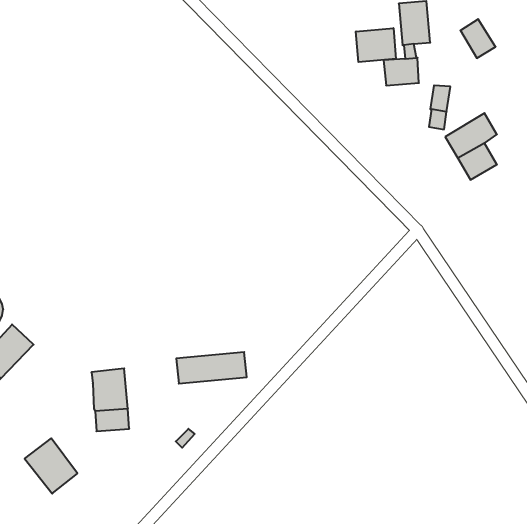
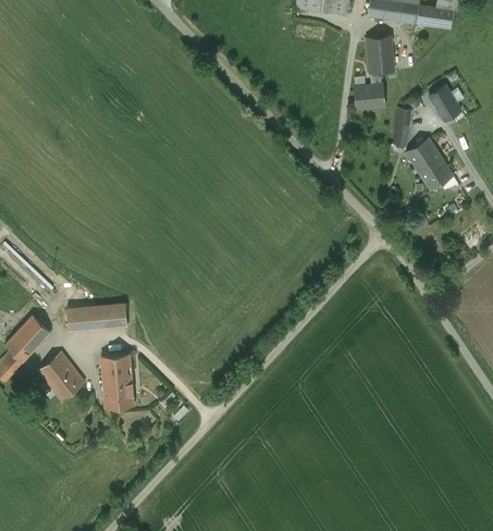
building: [460,19,496,58] -> [430,86,460,120]
building: [356,28,396,62] -> none
building: [176,352,247,384] -> [66,302,127,330]
building: [25,438,77,494] -> [38,351,84,399]

